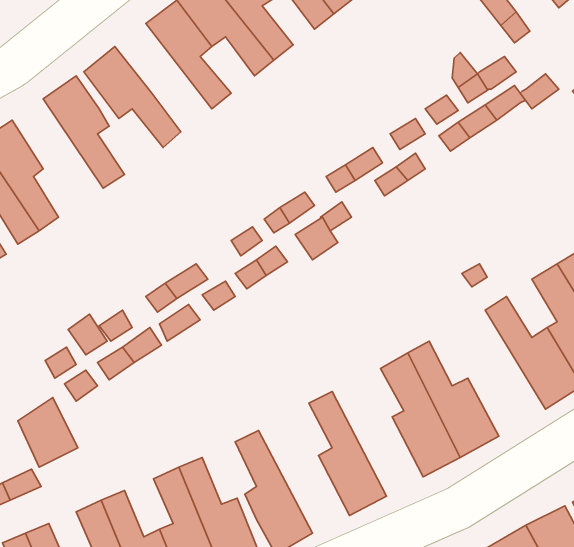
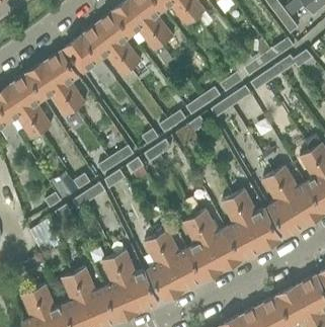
building: none -> [81,23,132,75]
building: none -> [26,63,75,116]
building: none -> [262,173,306,236]
building: none -> [194,210,242,270]
building: none -> [156,230,204,290]

